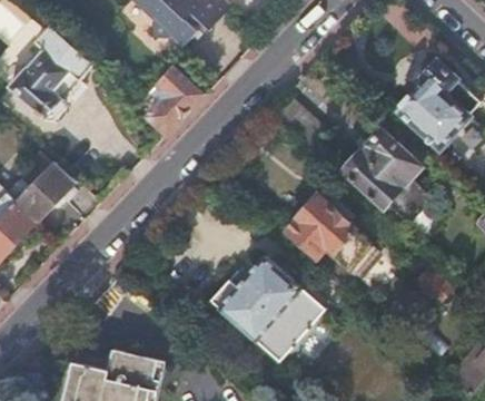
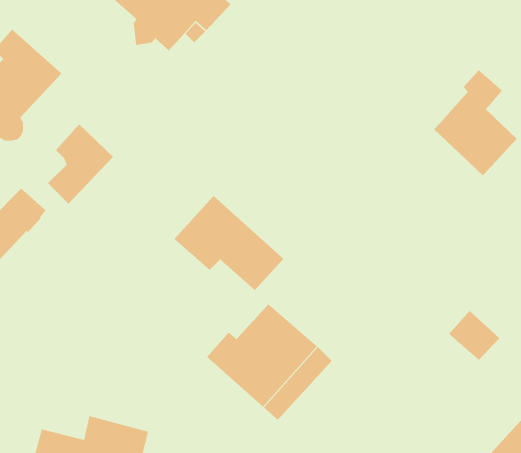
building: [149,65,205,133] -> [47,123,114,205]
building: [342,128,432,224] -> none
building: [285,195,377,275] -> [174,195,284,291]

